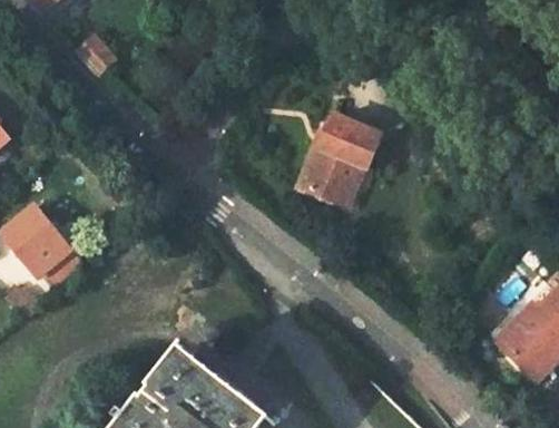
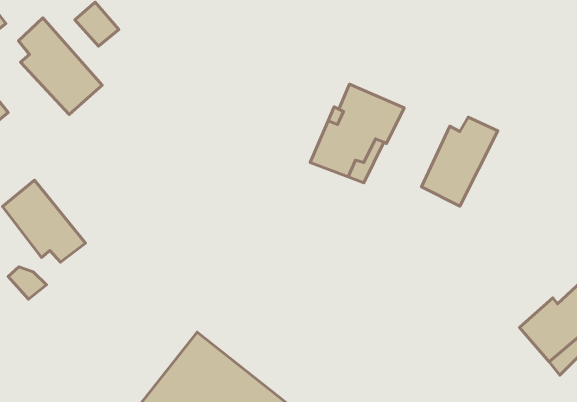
building: none -> [18,18,102,114]
building: none -> [421,117,498,206]

